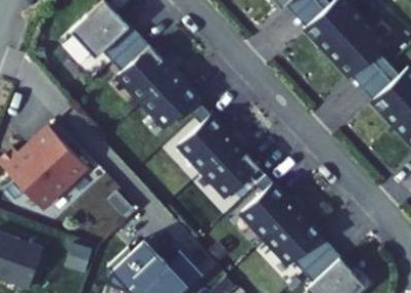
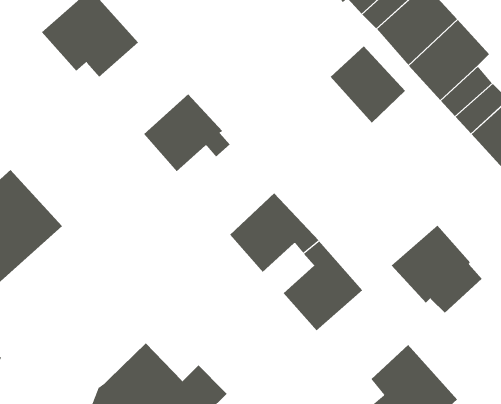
building: [111,35,174,99] -> none
building: none -> [330,46,406,124]
building: [178,107,234,170] -> none
building: [264,209,328,271] -> [391,225,483,314]

